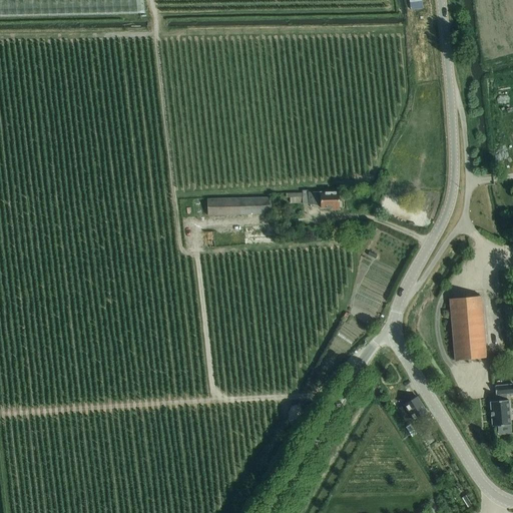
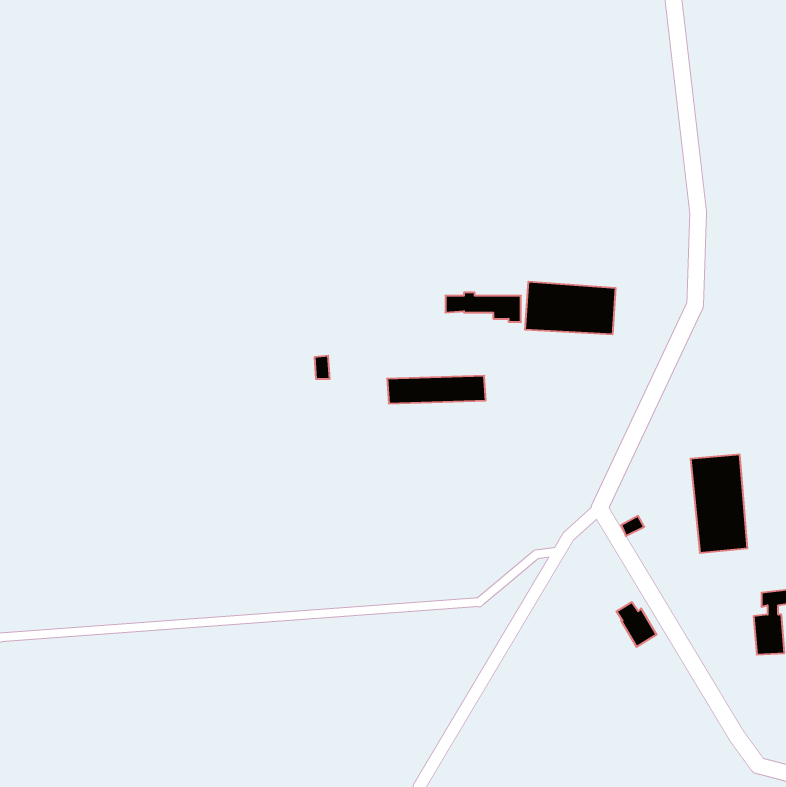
building: none -> [525,282,616,334]
building: [207,197,272,215] -> [387,376,486,403]

